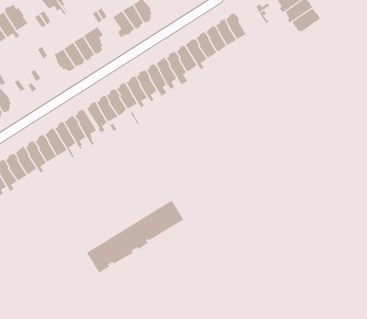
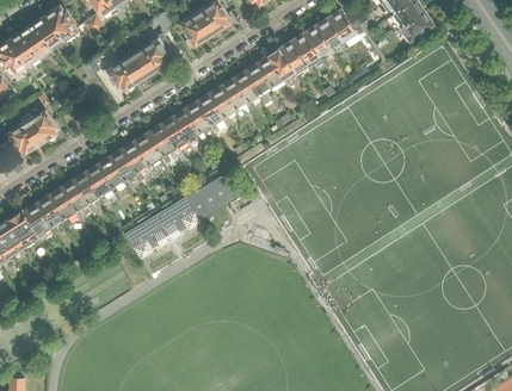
building: none -> [328,10,362,43]
building: [86,200,184,273] -> [124,169,243,259]

